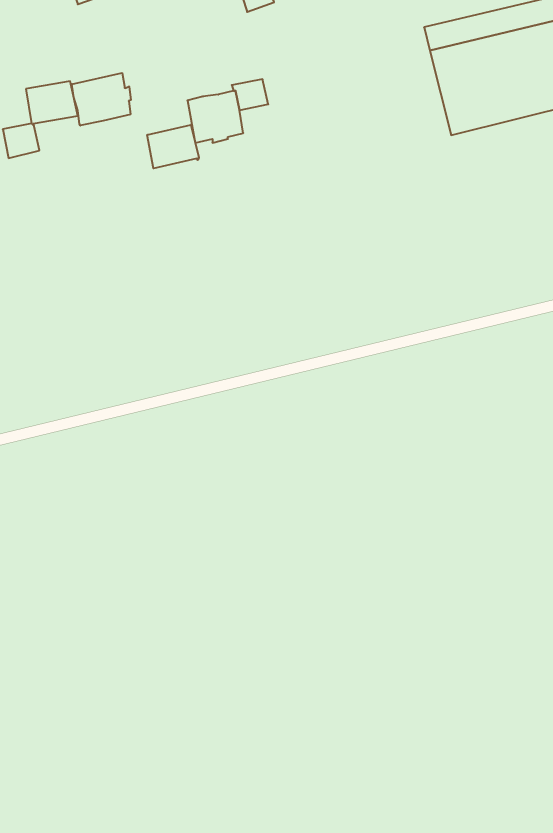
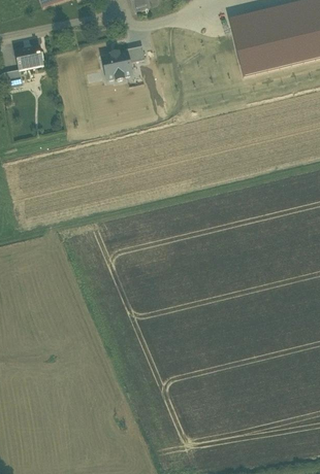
building: [72,73,131,126] -> none
building: [147,125,199,168] -> none

